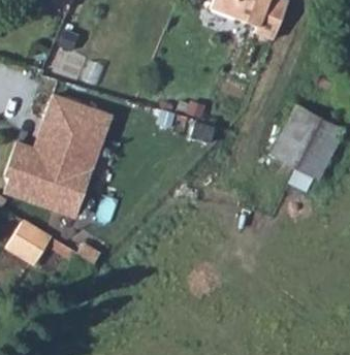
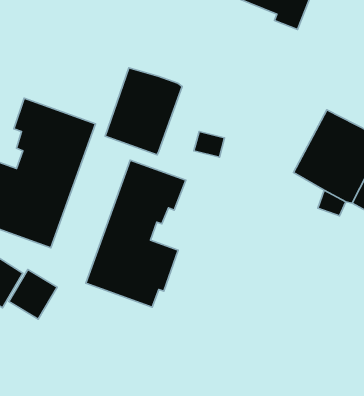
building: none -> [105,68,182,155]
building: none -> [86,160,186,307]

